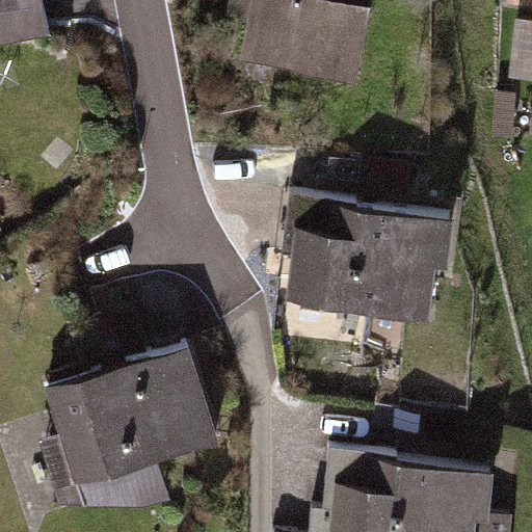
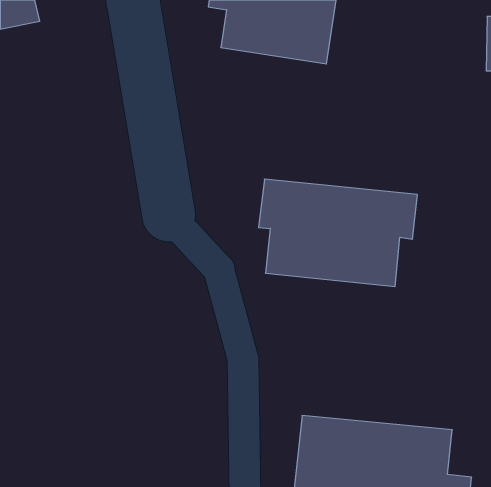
building: [44,344,216,505] -> none

